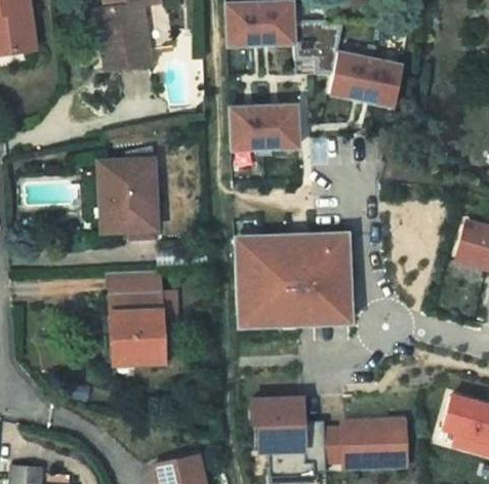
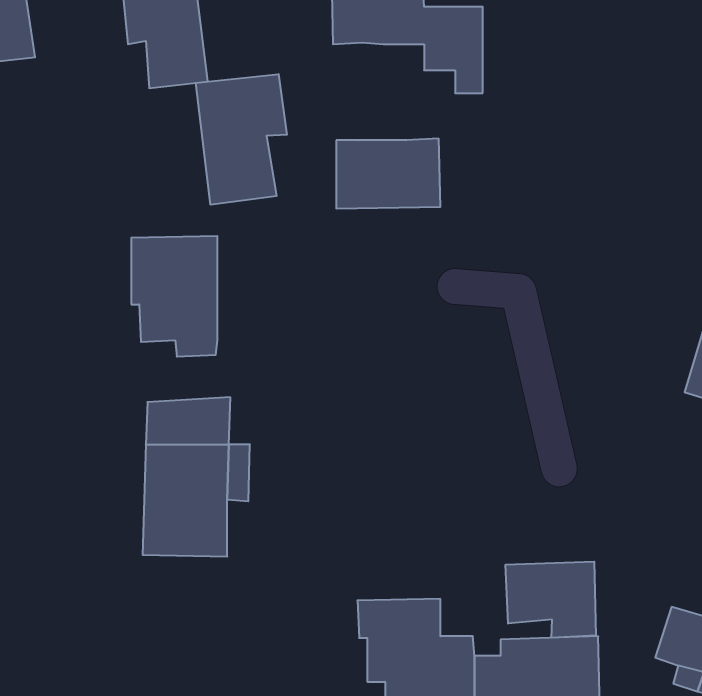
building: [322,54,396,108] -> none
building: none -> [196,74,287,205]
building: [236,233,349,324] -> none
building: none -> [506,562,596,638]

